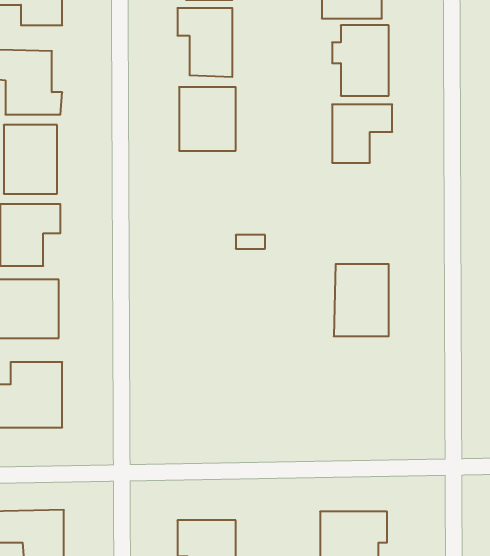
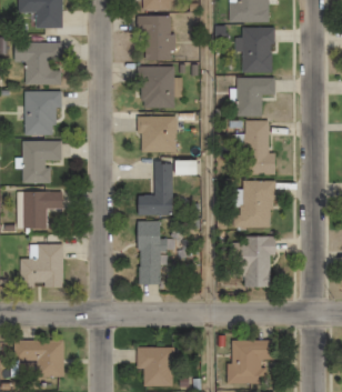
building: none -> [138,115,177,152]
building: none -> [243,121,275,174]
building: none -> [137,163,172,215]
building: none -> [137,221,164,284]
building: none -> [229,237,273,288]

